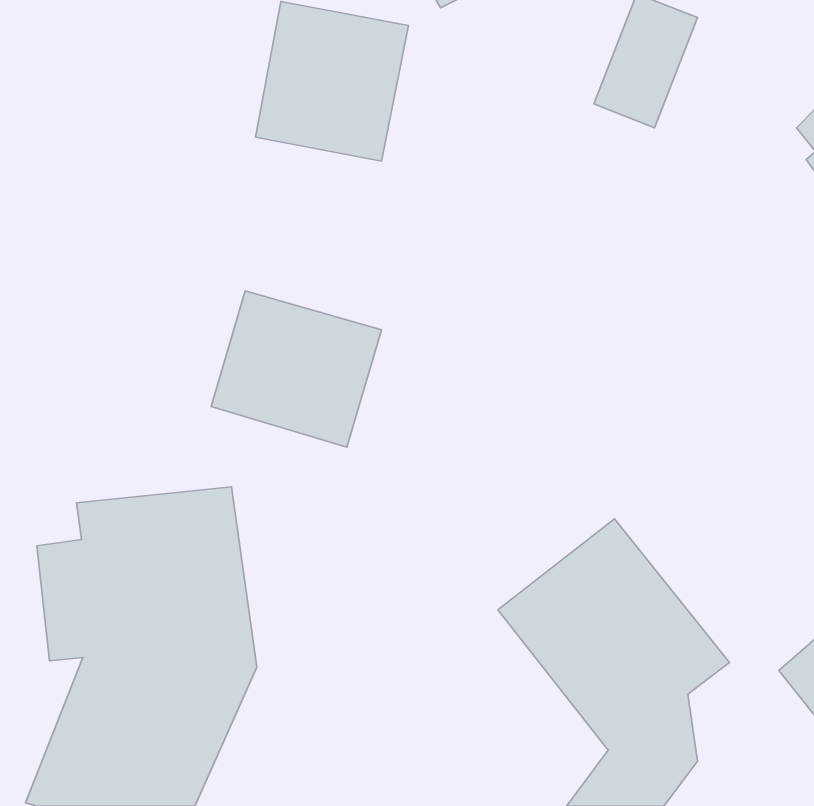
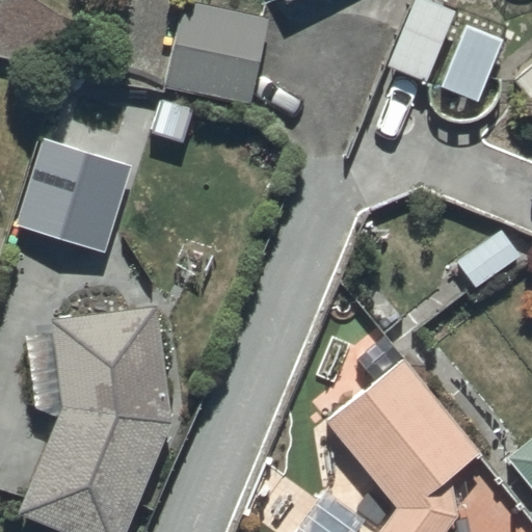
building: none -> [18,141,130,251]
building: [211,291,382,447] -> none

